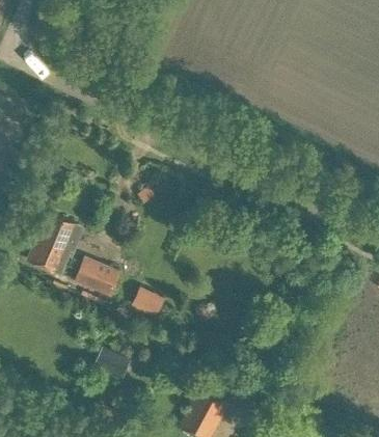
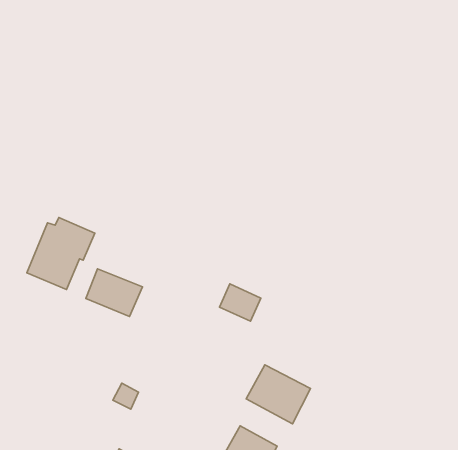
building: [133,289,166,319] -> [220,284,261,321]
building: none -> [246,365,310,424]

